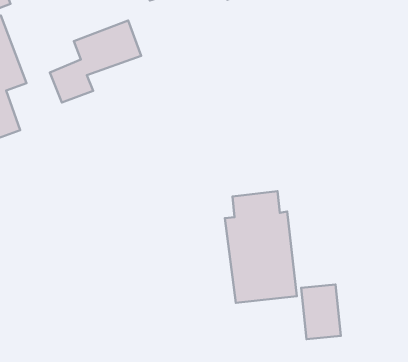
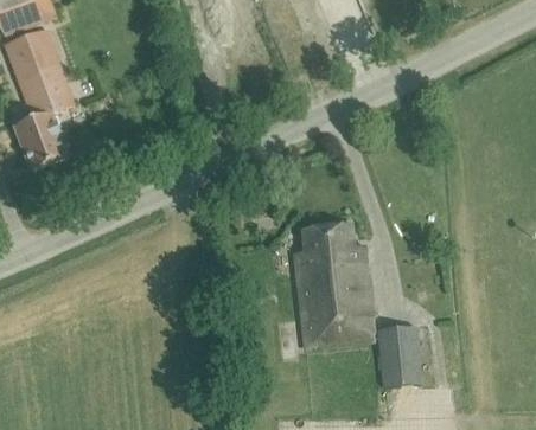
building: [50,20,141,103] -> none

